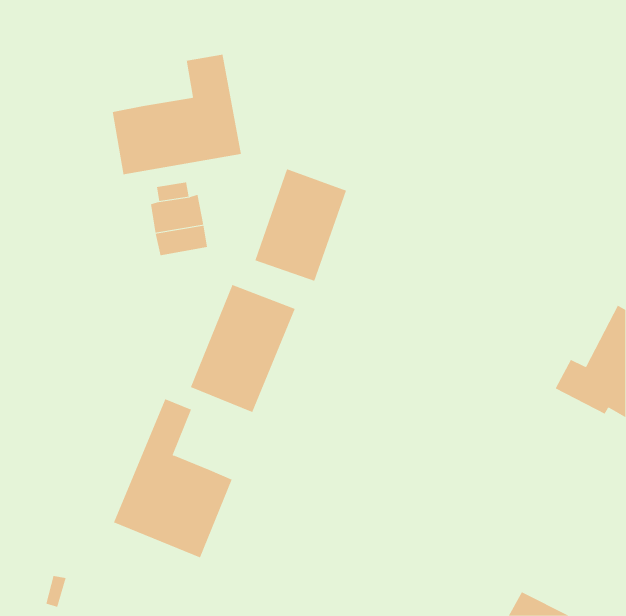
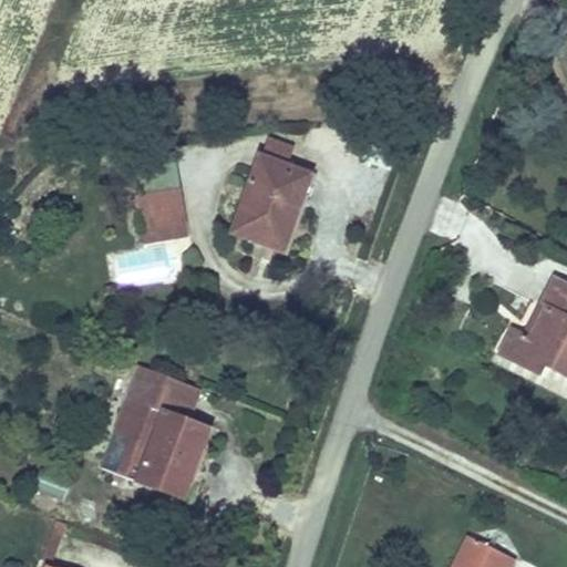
building: [112,54,242,175] -> none
building: [190,284,295,413] -> none
building: none -> [156,369,206,423]

